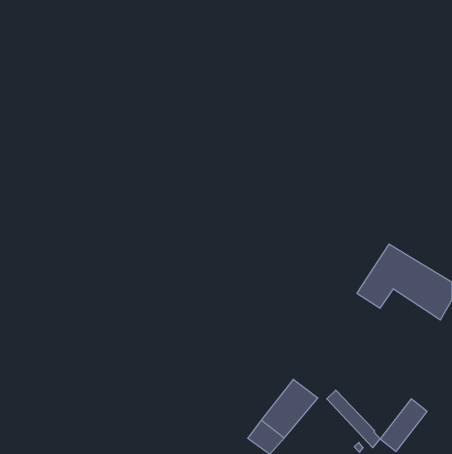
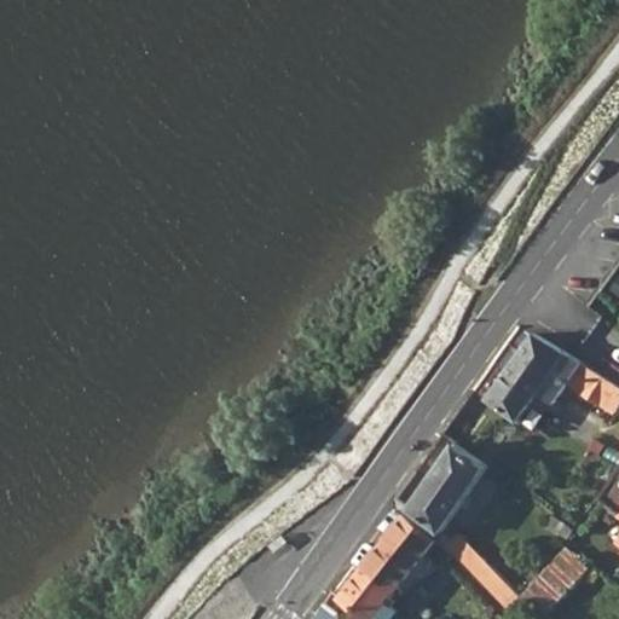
building: none -> [405,444,484,532]

